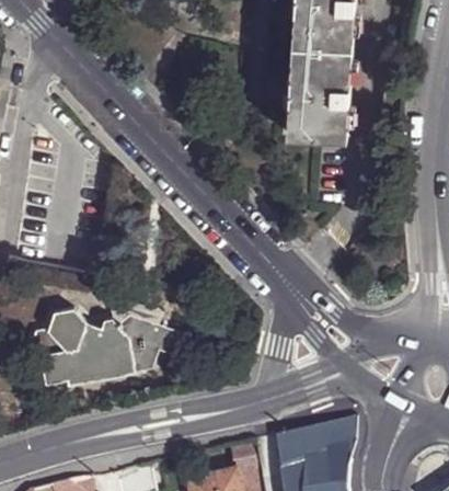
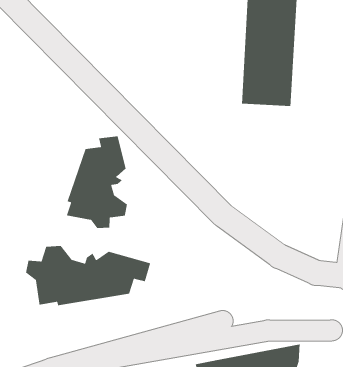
building: none -> [66,135,128,229]

